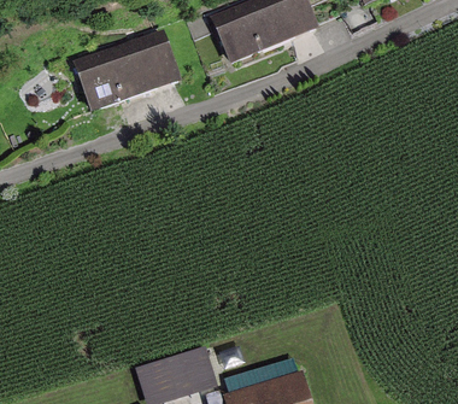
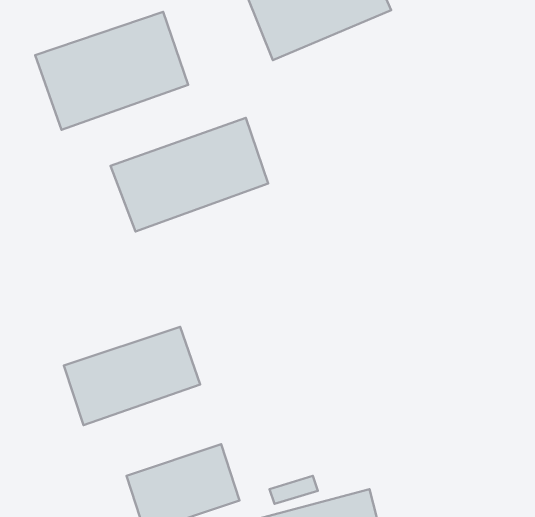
building: none -> [111,118,268,232]
building: none -> [64,327,200,425]

